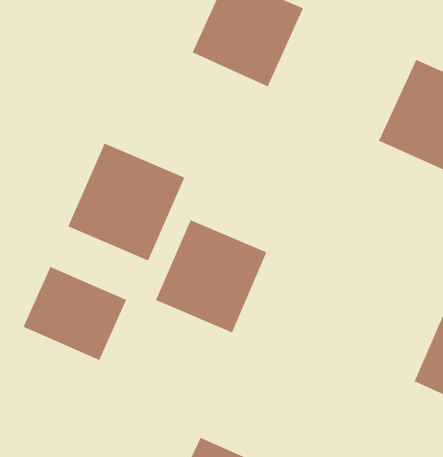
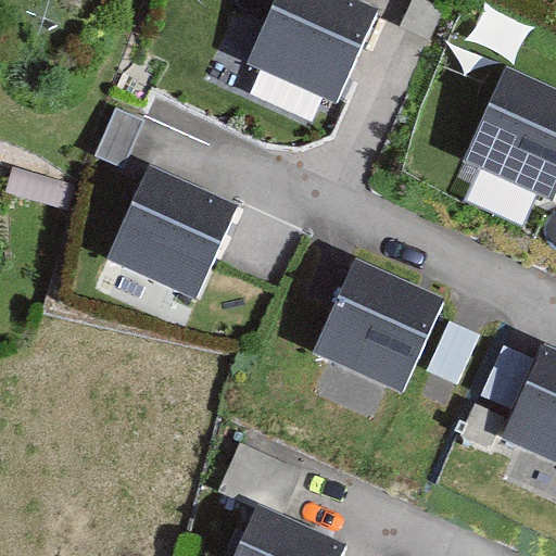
building: [155,219,267,333] -> [315,262,444,393]
building: [23,266,127,361] -> none

